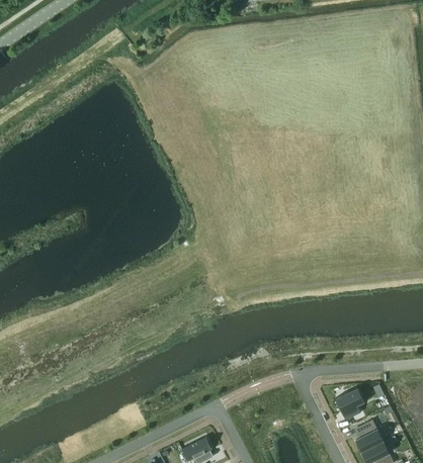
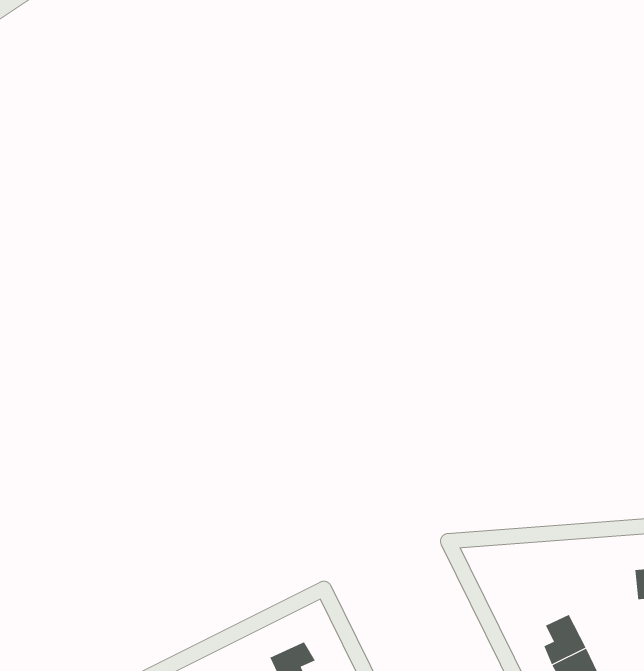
building: [335,389,365,422] -> none

